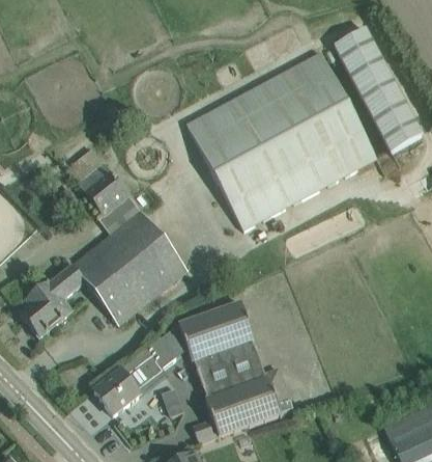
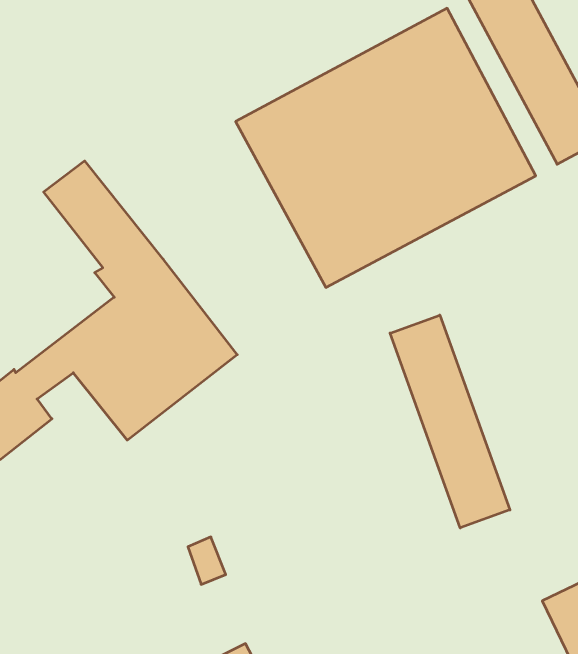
building: none -> [390,315,510,528]
building: [94,300,293,442] -> none

